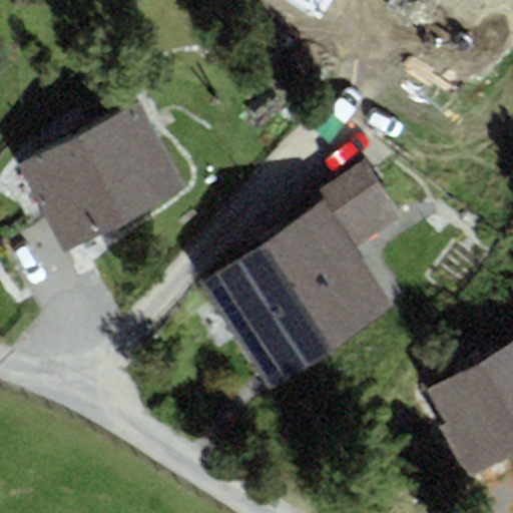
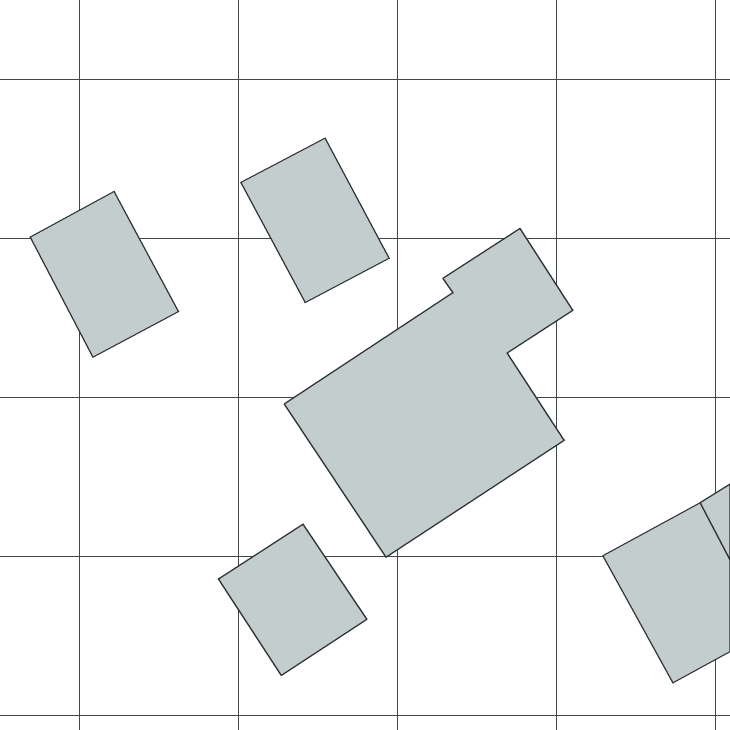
building: [80,103,184,218] -> [241,138,389,303]
building: none -> [218,524,367,675]

